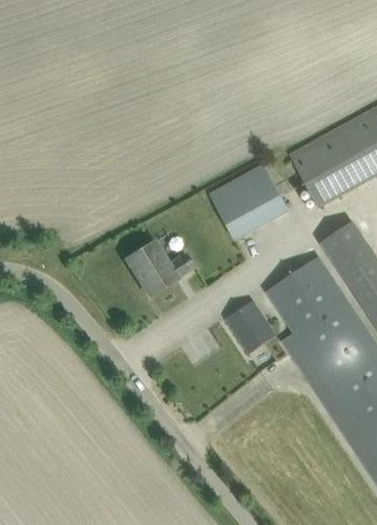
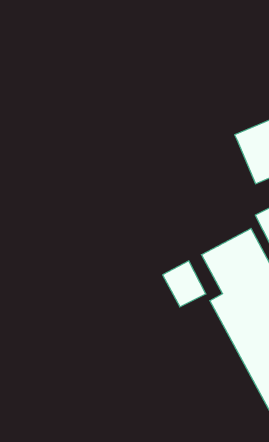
building: [210,164,289,240] -> none
building: [119,228,195,294] -> none

